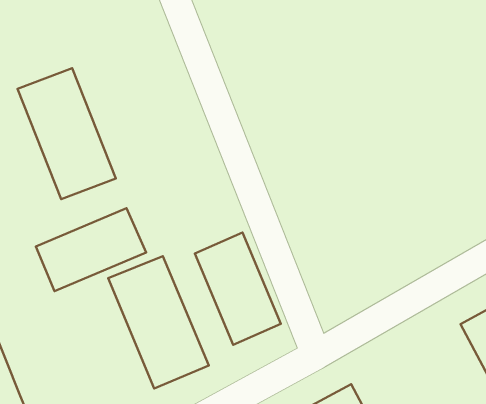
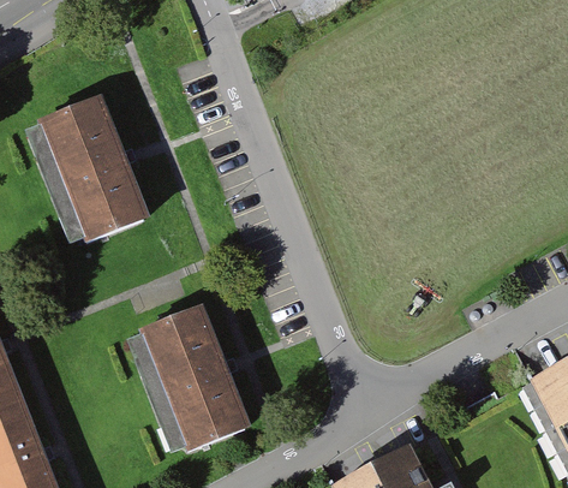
building: [36,208,146,291] -> none
building: [195,233,281,345] -> none

